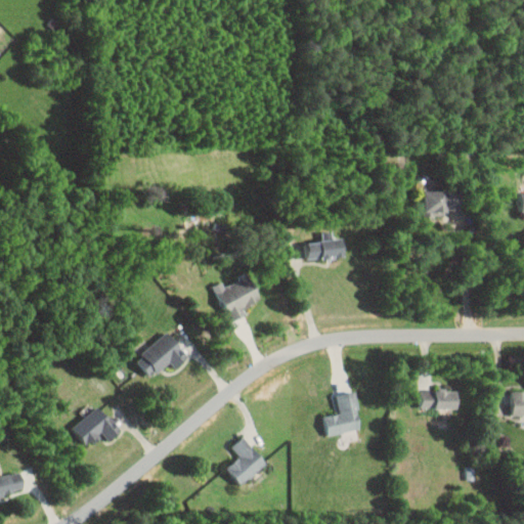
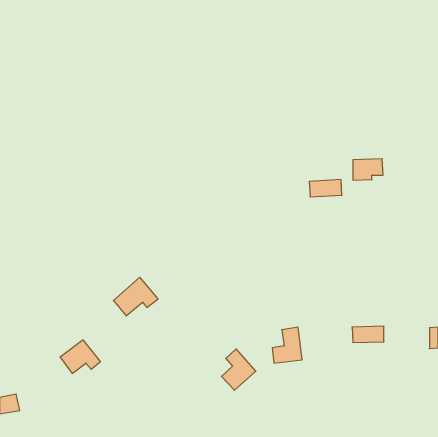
building: [304,239,343,260] -> [309,180,342,197]
building: [217,276,260,322] -> none
building: [225,437,266,486] -> [221,349,256,390]

